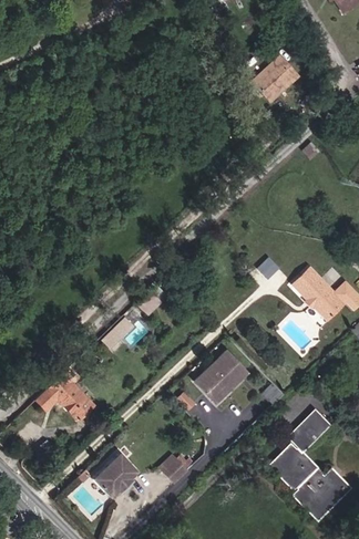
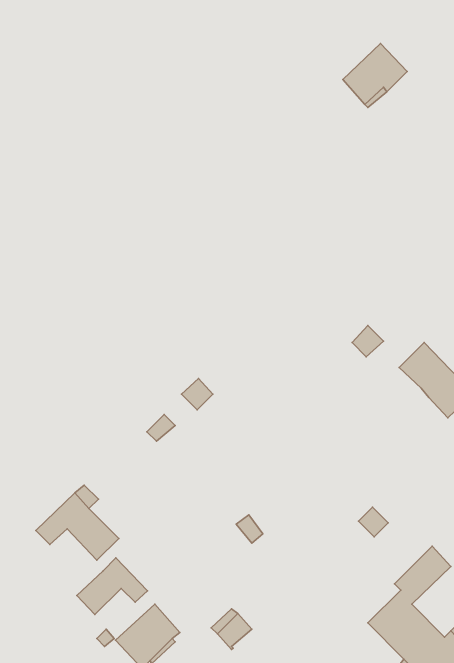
building: [195,351,247,402] -> none
building: none -> [77,558,148,615]

